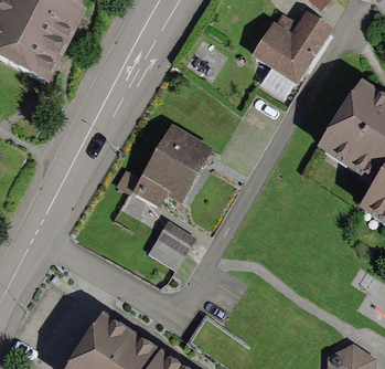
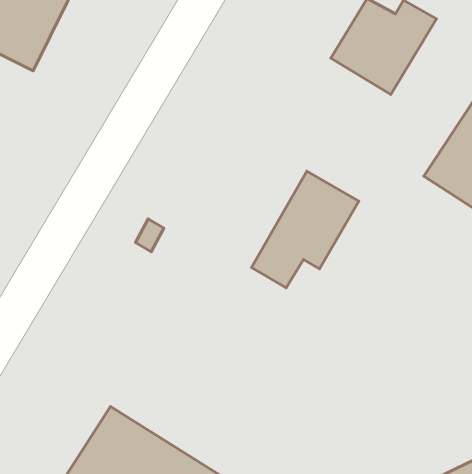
building: [136,137,211,219] -> [252,171,359,288]
building: [150,230,193,276] -> none

